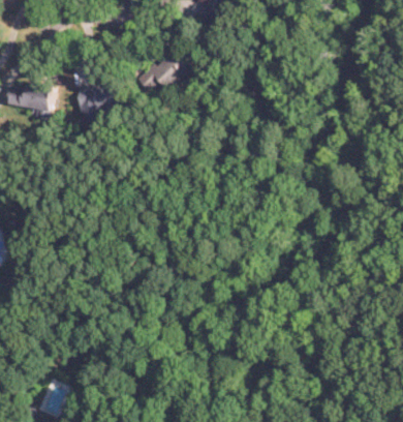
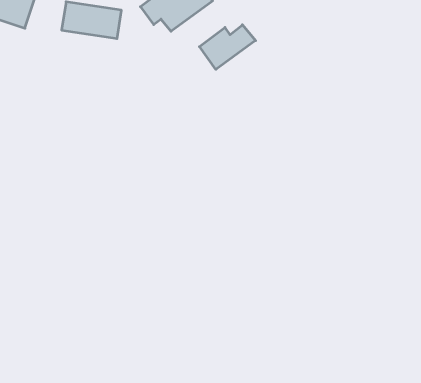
building: none -> [199,25,256,69]

